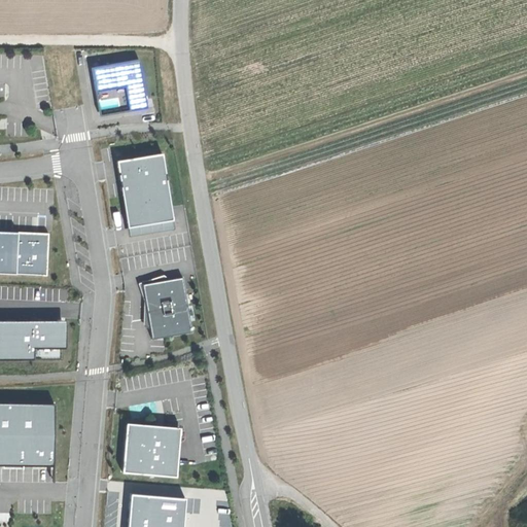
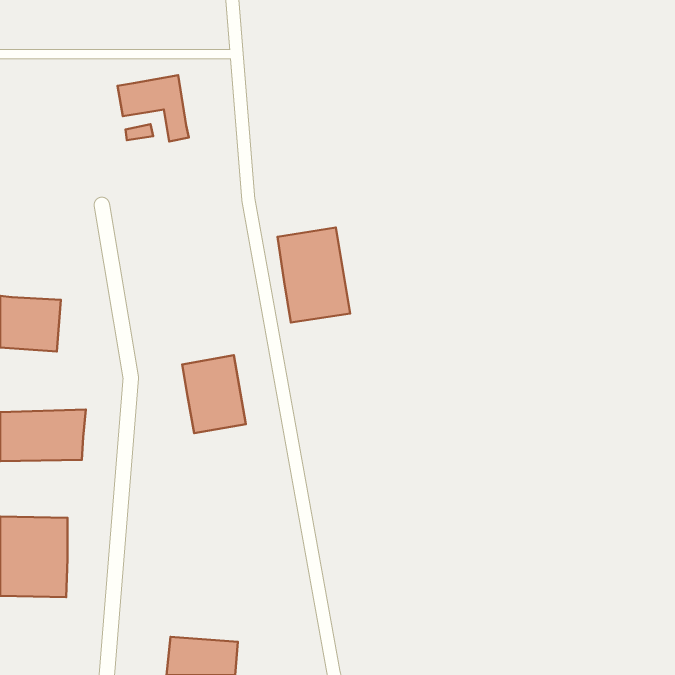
building: [116,152,173,226] -> [278,228,350,323]
building: [121,426,179,476] -> none

